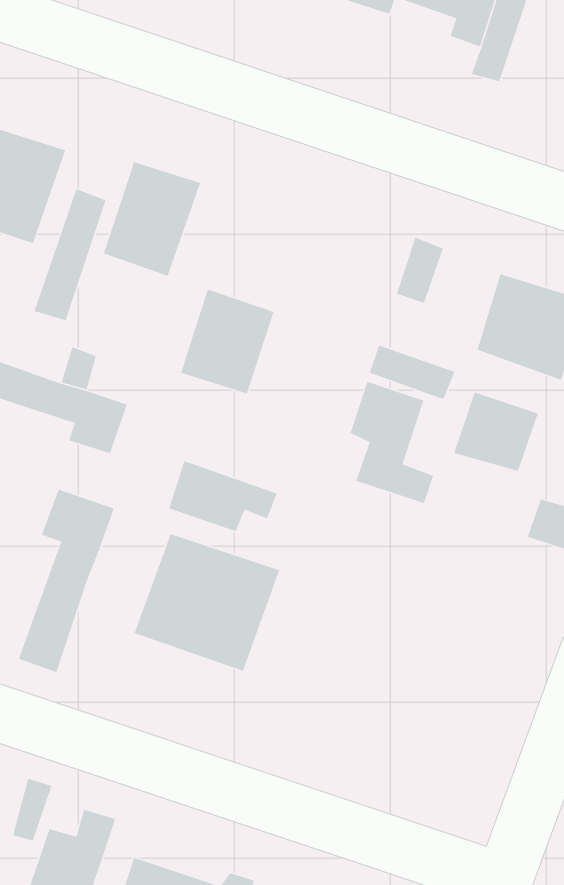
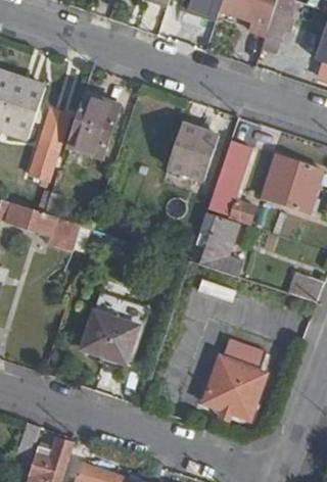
building: [180,289,274,394] -> [168,124,218,180]
building: [453,391,539,472] -> none
building: [168,460,278,532] -> none
building: [18,489,115,673] -> none
building: none -> [202,340,266,421]

